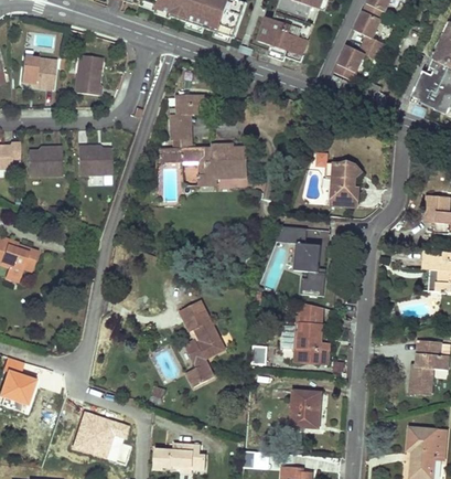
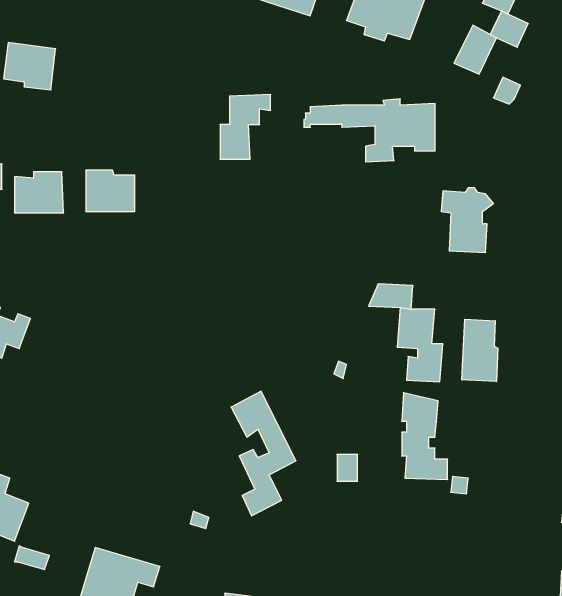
building: [72,53,100,95] -> none
building: [154,141,246,185] -> [304,99,435,162]
building: none -> [462,319,498,382]
building: [290,388,320,426] -> none

